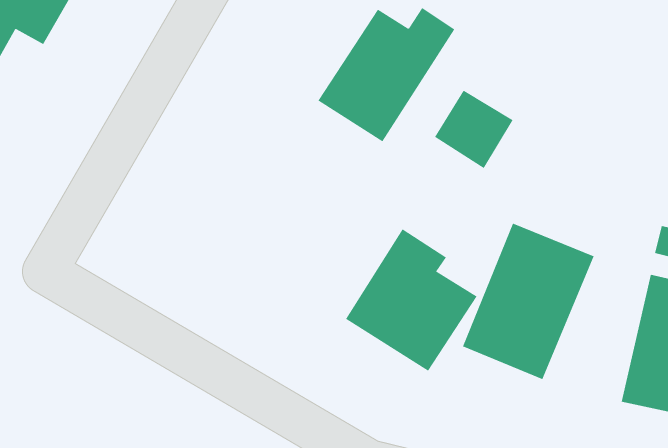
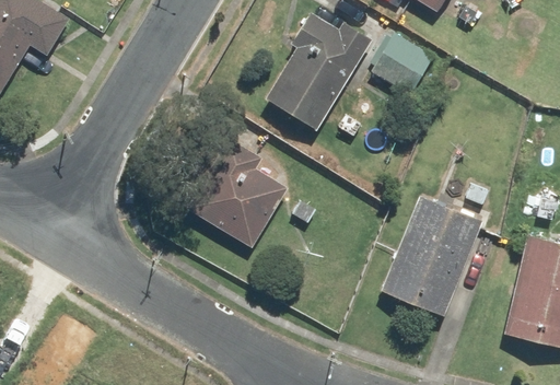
building: [434,90,513,169] -> [371,35,433,97]
building: [345,228,477,372] -> [185,136,289,248]

